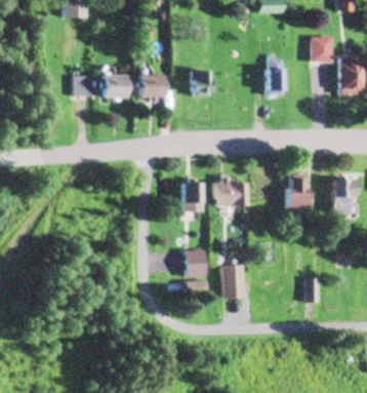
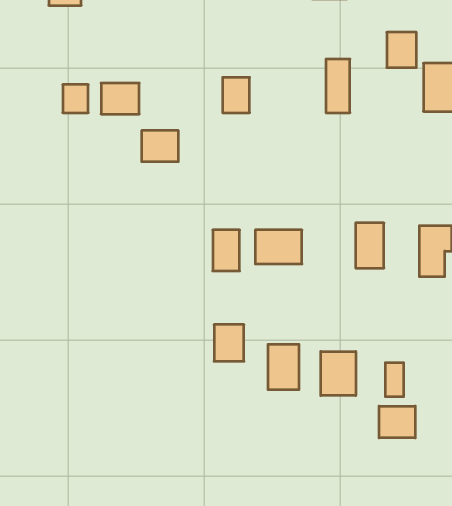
building: [138,75,165,97] -> [142,131,178,162]
building: none -> [321,351,356,396]
building: none -> [379,406,415,438]

